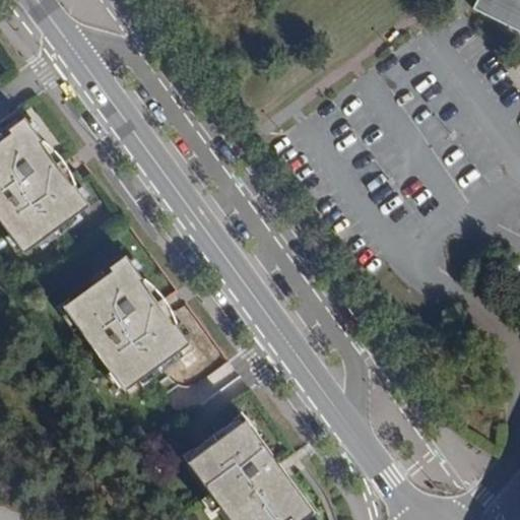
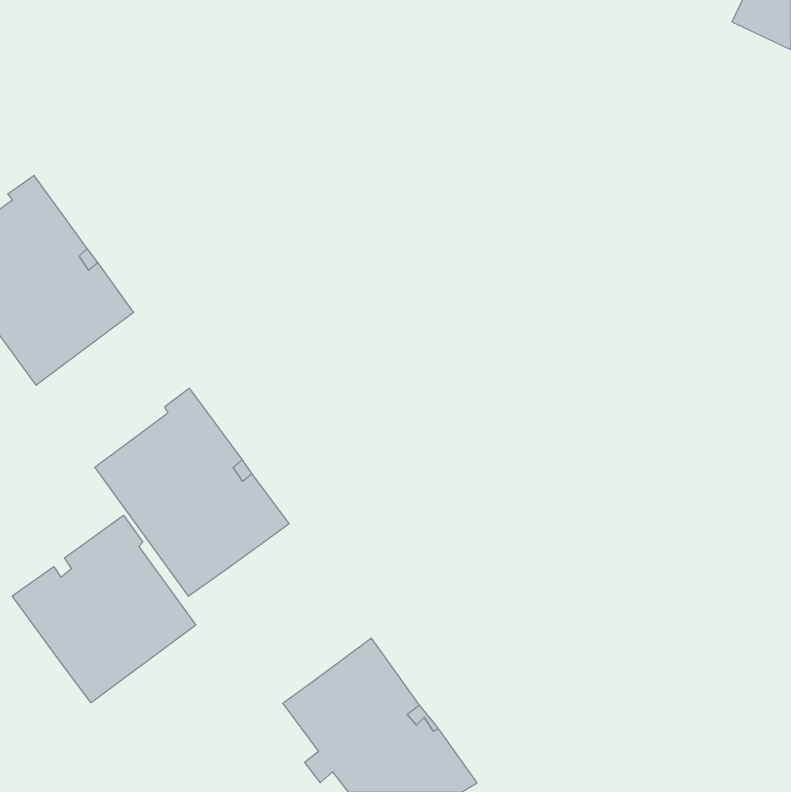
building: none -> [12,515,196,703]

